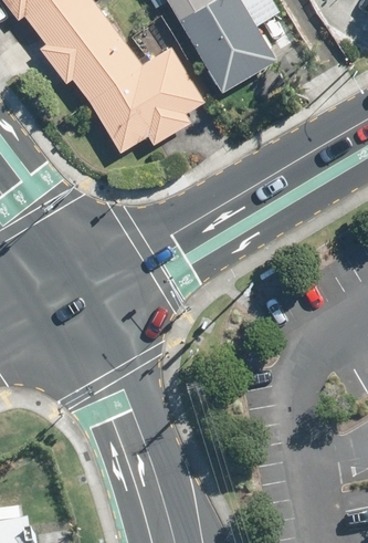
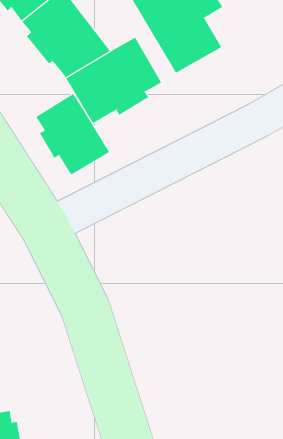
building: none -> [35,93,110,176]

